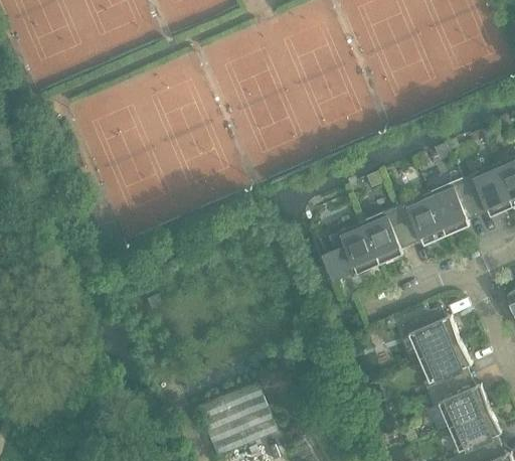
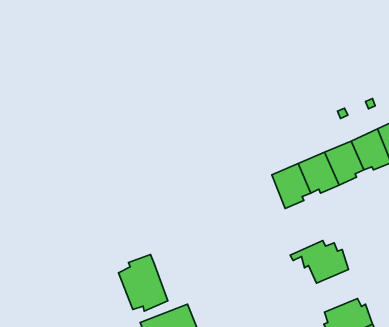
building: [322,222,380,280] -> none
building: none -> [118,255,168,311]
building: [419,341,473,395] -> none

